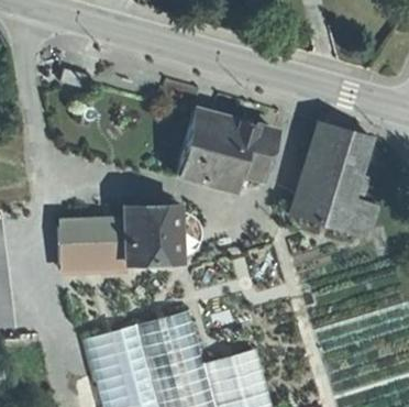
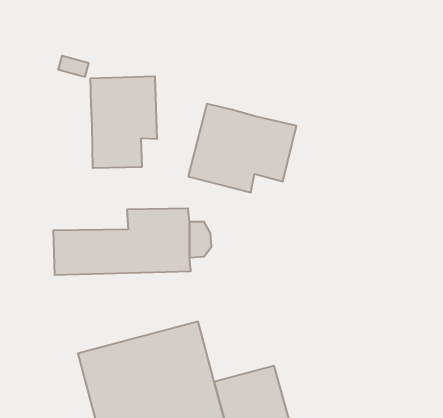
building: none -> [91,76,157,168]
building: [297,124,380,235] -> none

